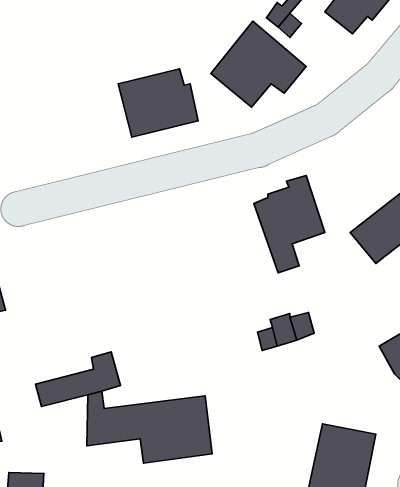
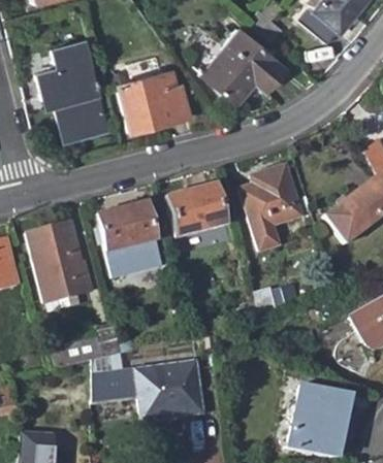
building: none -> [38,40,109,139]
building: none -> [169,185,225,236]
building: none -> [98,202,162,278]
building: none -> [28,222,94,302]

